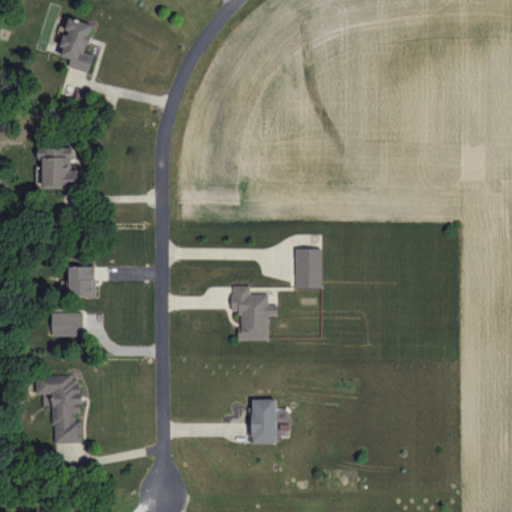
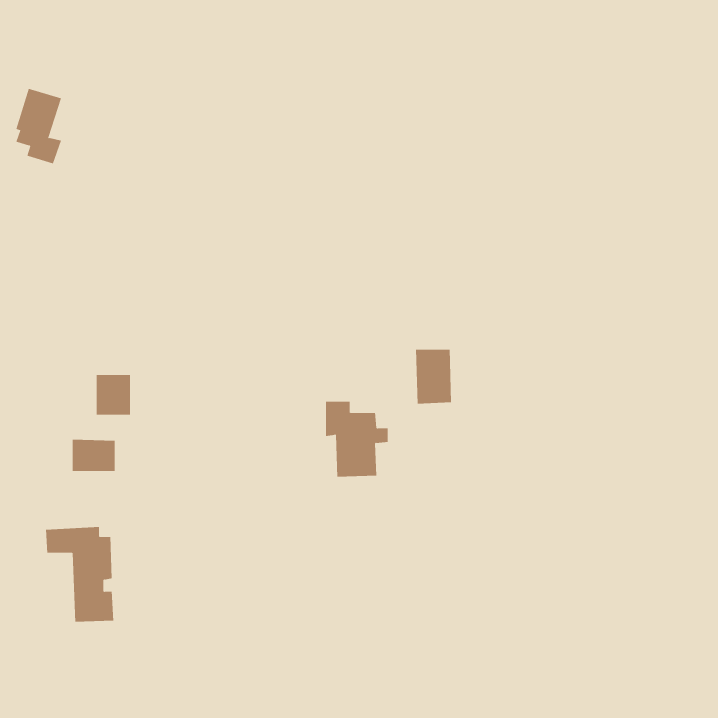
building: [60,18,93,72] -> [15,88,62,164]
building: [39,147,77,188] -> none
building: [249,399,276,443] -> none

